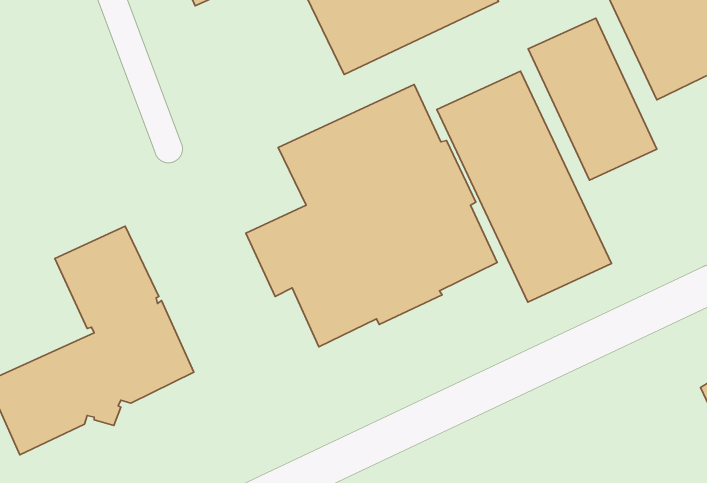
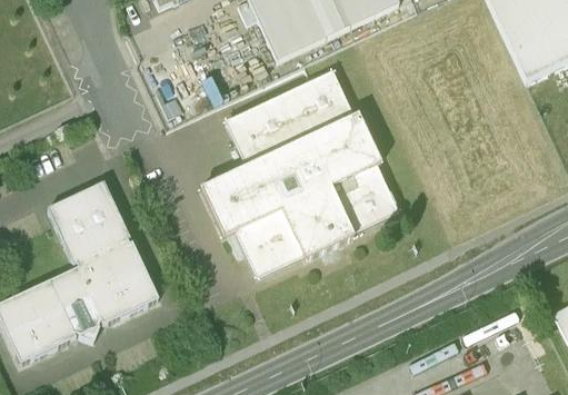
building: [528,18,657,180] -> none
building: [437,71,612,302] -> none

